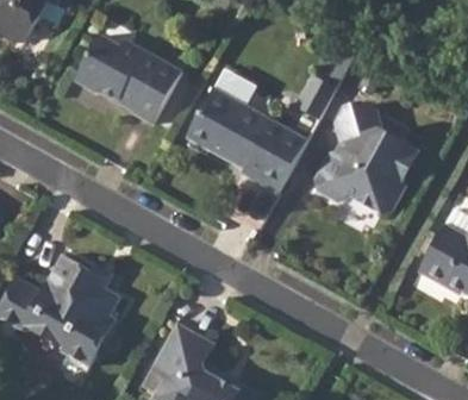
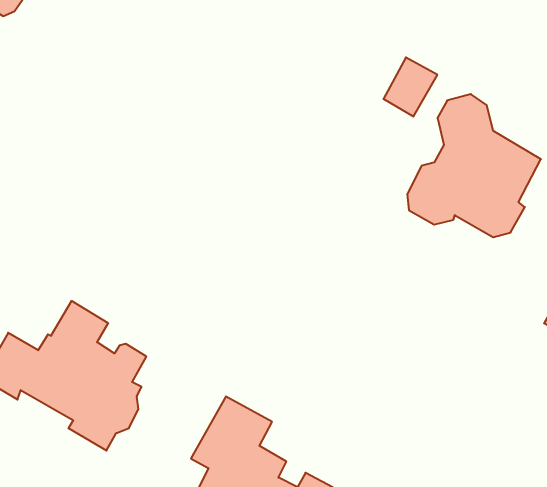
building: [74,36,181,127] -> none
building: [186,88,307,194] -> none

